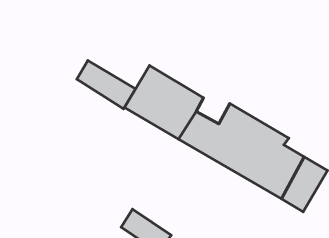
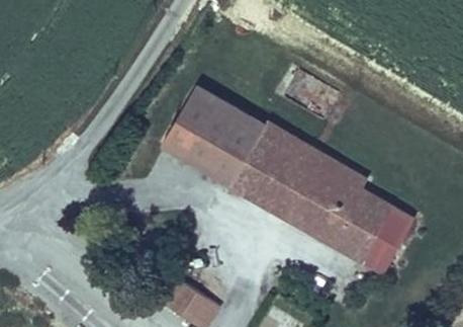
building: [77,60,136,109] -> none
building: none -> [253,124,295,164]

